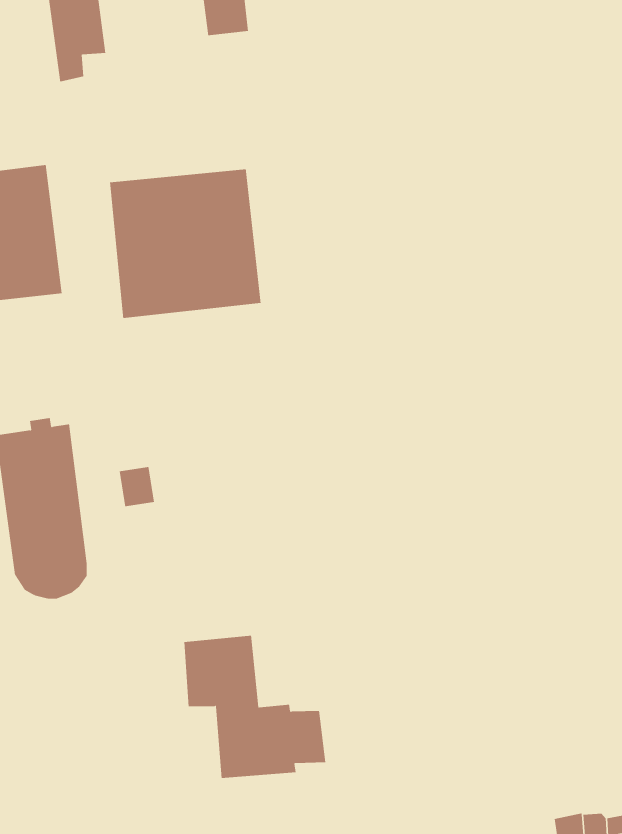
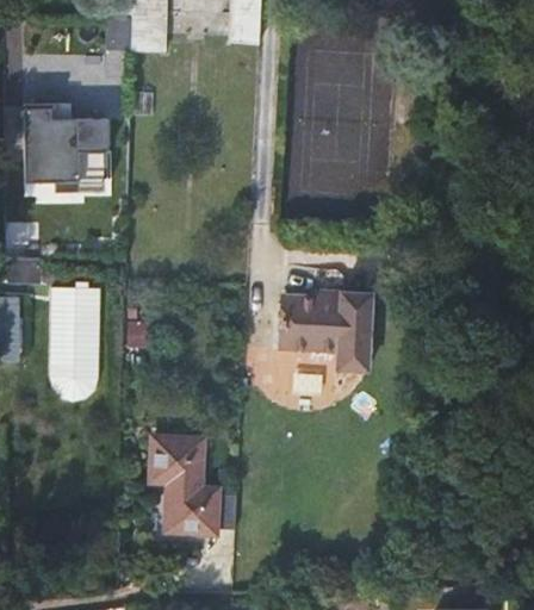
building: [109,169,261,319] -> none
building: none -> [279,291,371,369]

